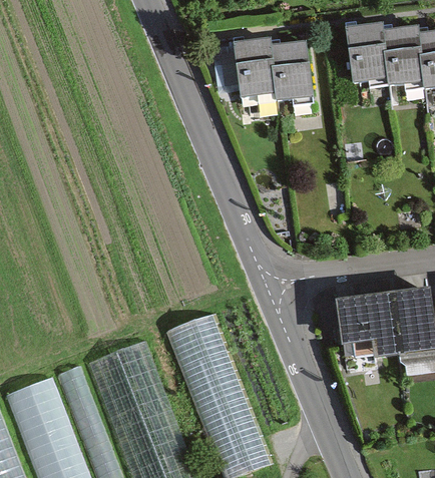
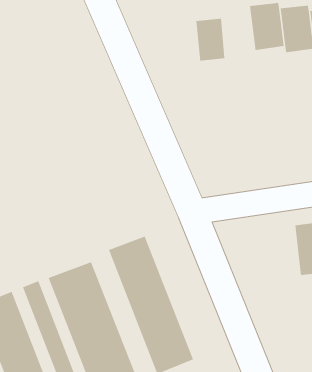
building: [240,38,276,93] -> none
building: [336,298,399,363] -> none

